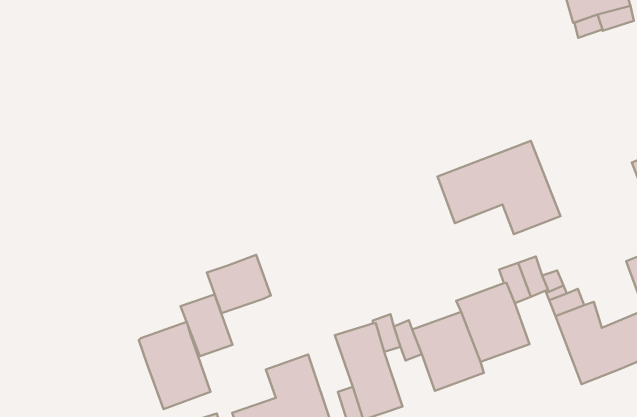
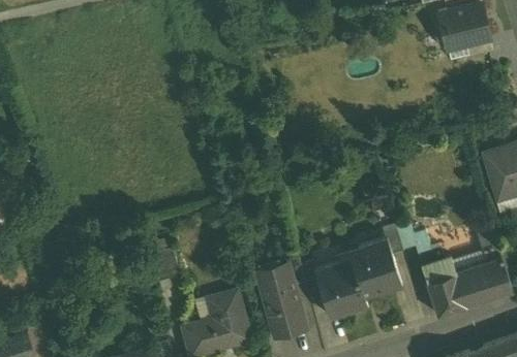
building: [438,141,561,234] -> none
building: [207,255,271,313] -> none
building: [139,322,211,409] -> none

